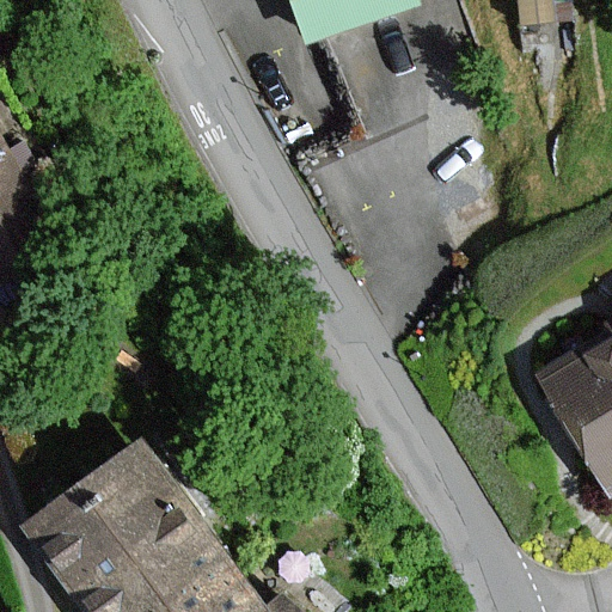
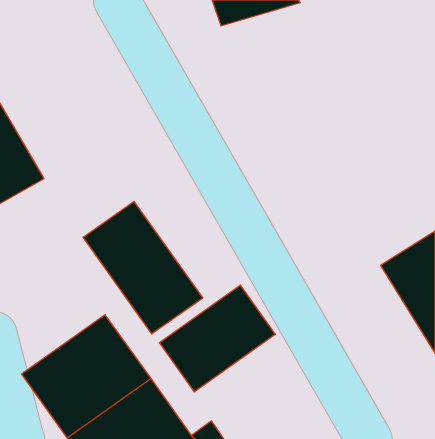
building: none -> [83,201,203,334]
building: none -> [160,285,275,392]

